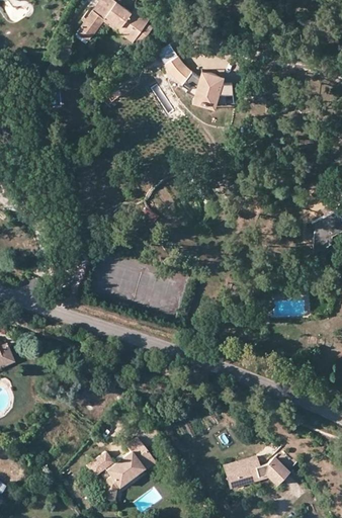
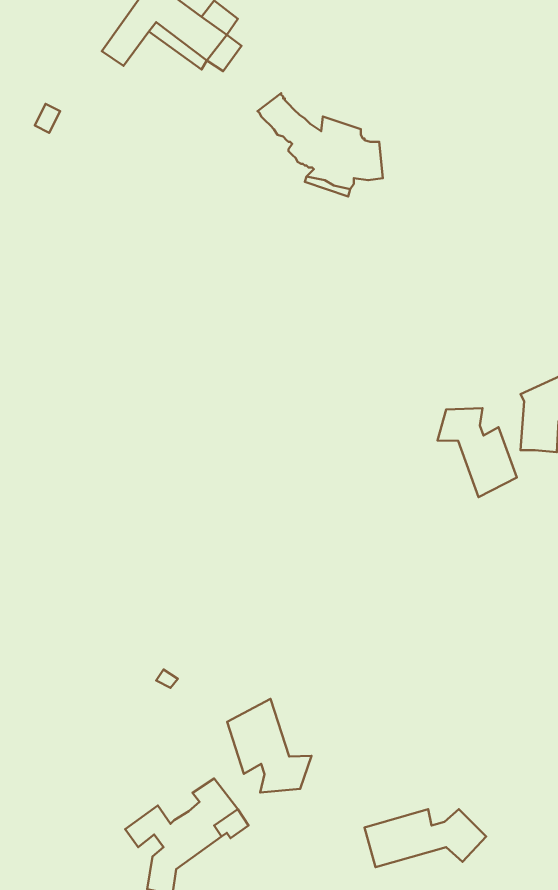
building: none -> [438,408,517,497]
building: none -> [227,699,312,793]

